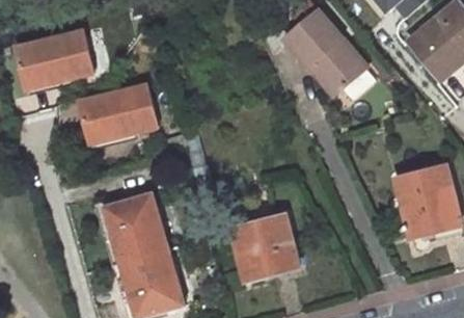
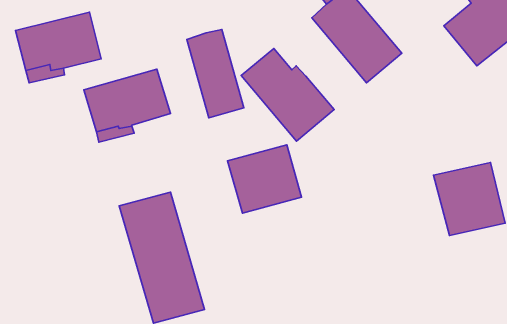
building: none -> [187,29,244,118]
building: none -> [241,49,334,141]
building: [233,219,300,282] -> [228,145,302,213]

